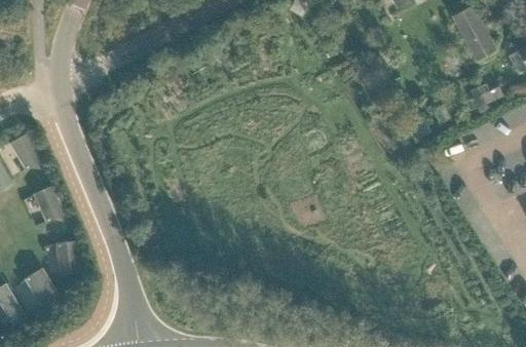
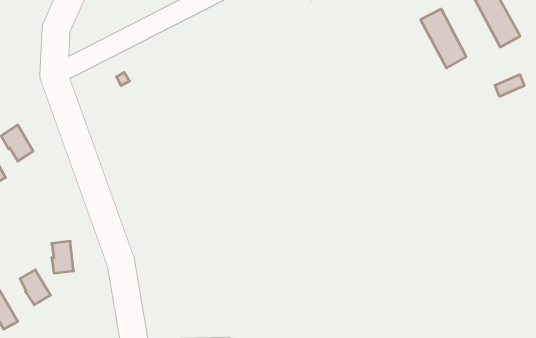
building: none -> [421,9,466,68]
building: [34,187,63,221] -> none

